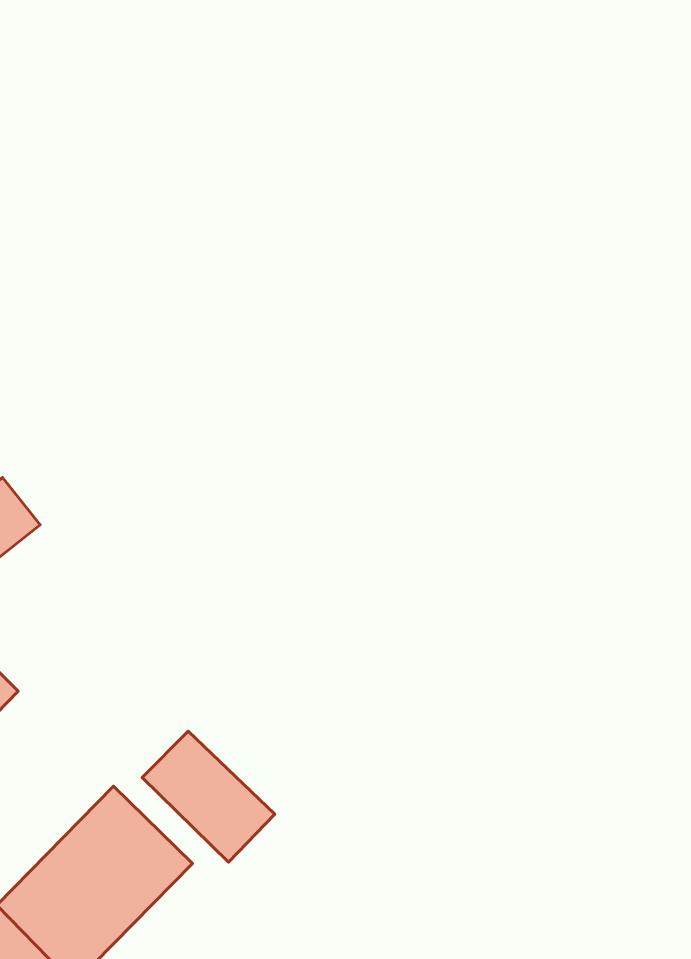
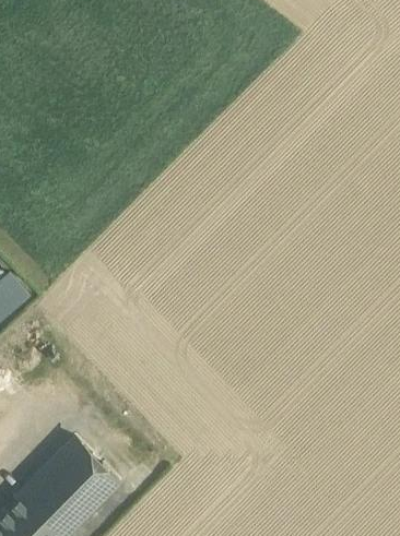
building: [142,731,275,862] -> none

